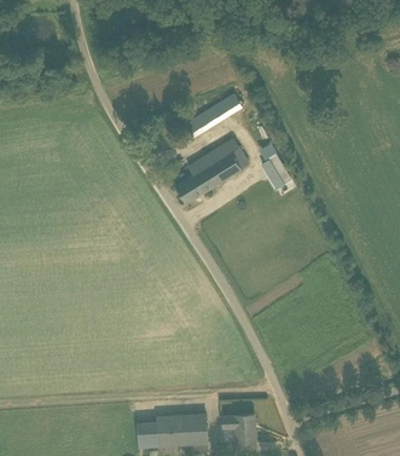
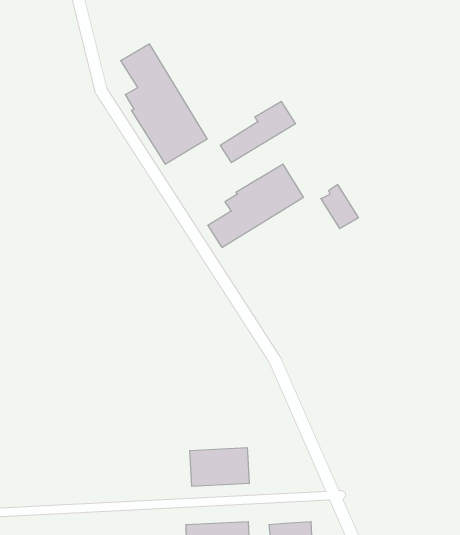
building: none -> [121,44,207,164]
building: none -> [190,448,249,486]

